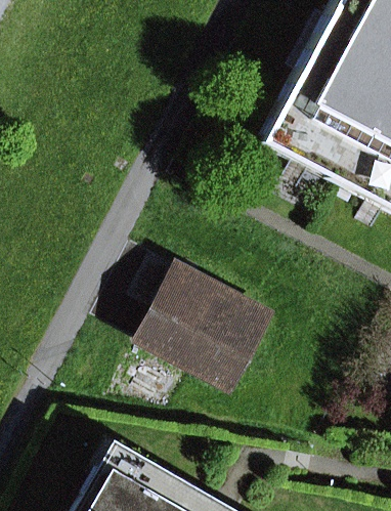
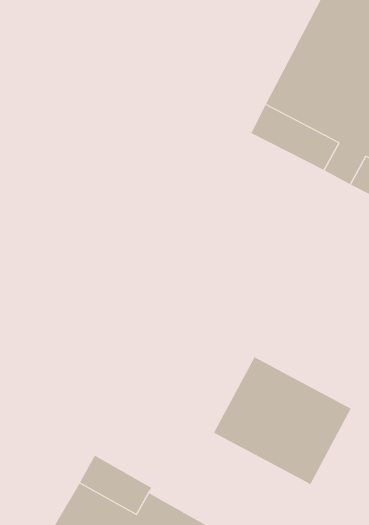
building: [144,265,272,384] -> [213,357,352,485]

